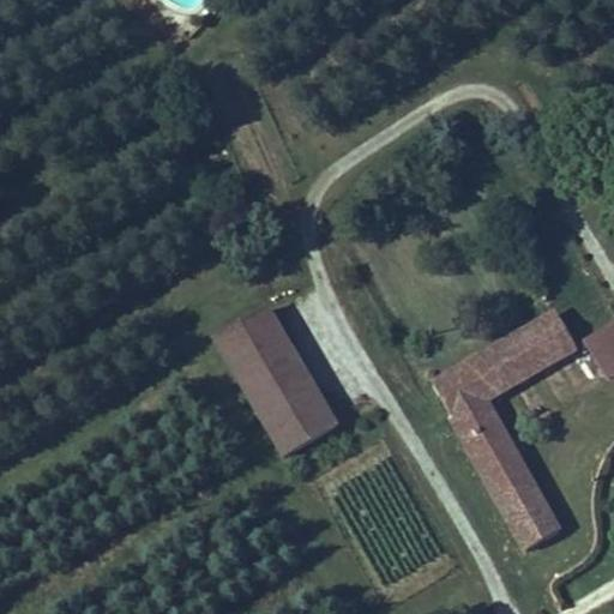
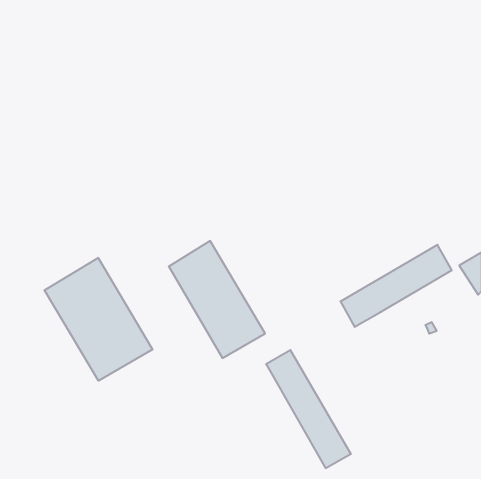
building: none -> [44,258,152,381]
building: [452,397,560,547] -> [266,350,351,468]

